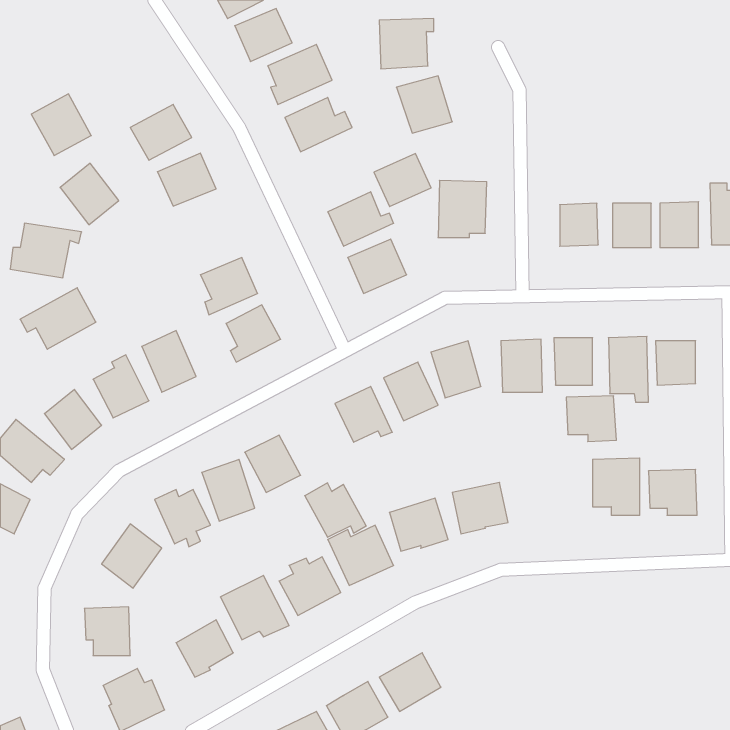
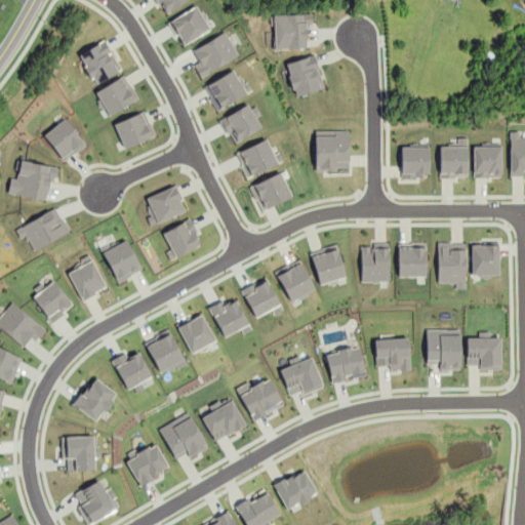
building: [31,94,91,156] -> [79,40,122,84]
building: [374,154,431,207] -> [220,105,261,143]
building: [566,396,616,442] -> [374,338,410,371]
building: [305,483,366,537] -> [208,298,252,337]

